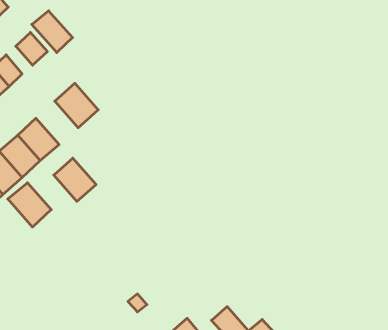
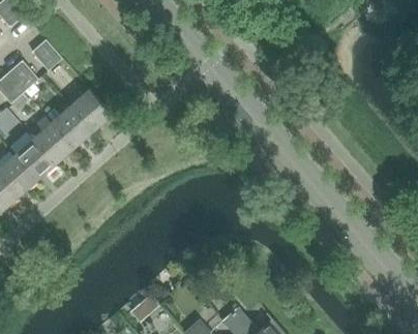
building: [32,11,73,53] -> none
building: [54,158,96,201] -> [50,107,91,149]
building: [8,183,51,227] -> none

